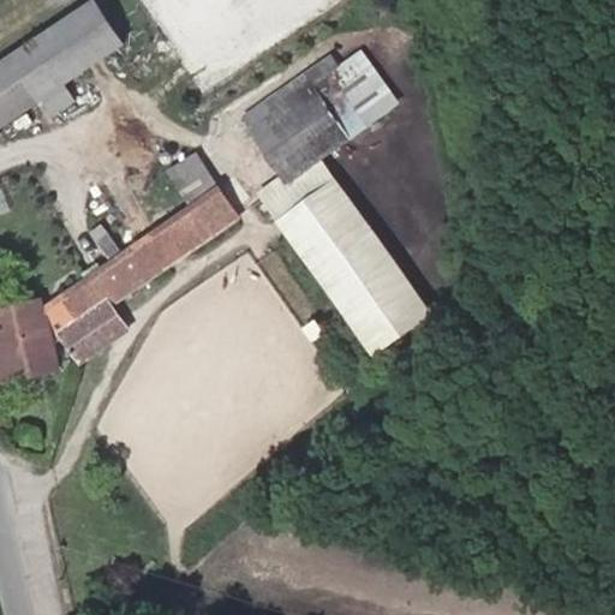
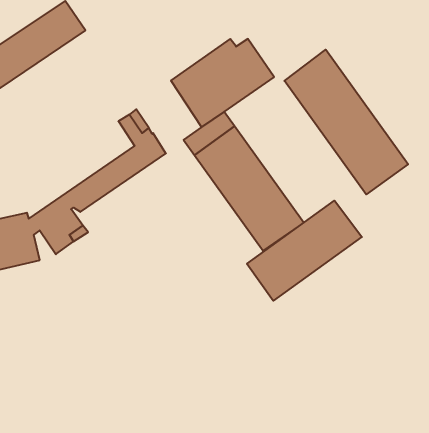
building: none -> [284,50,408,194]
building: none -> [247,201,362,301]

